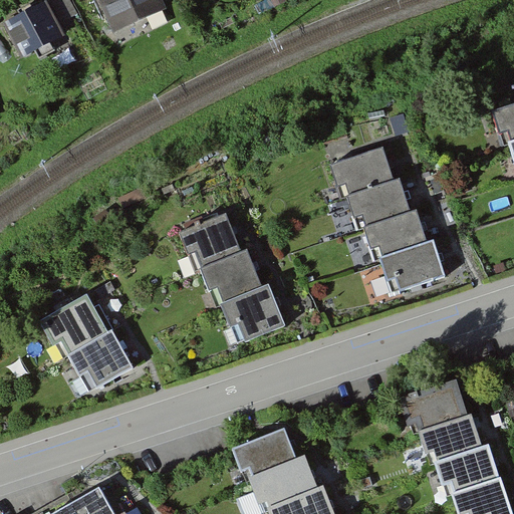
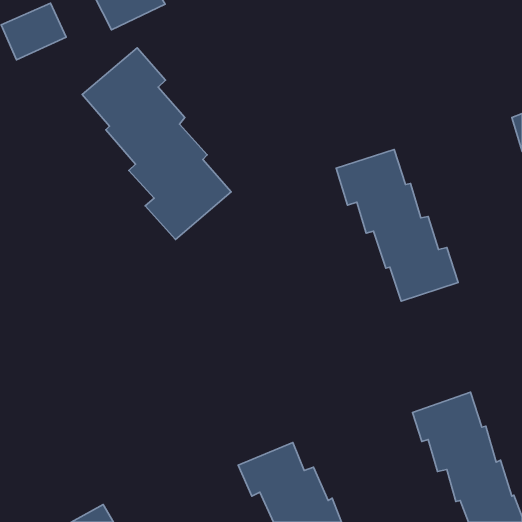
building: none -> [82,48,231,239]
building: [184,218,285,341] -> none
building: [43,297,134,390] -> none

